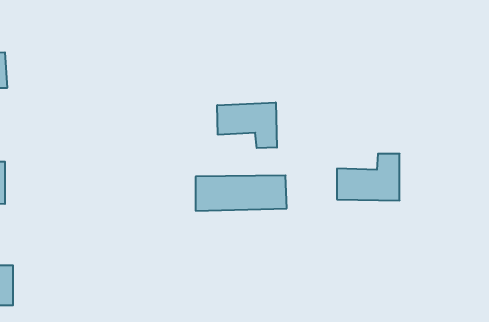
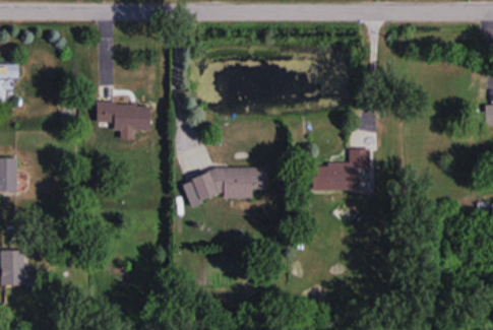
building: none -> [97,102,151,129]
building: [217,102,277,148] -> none

